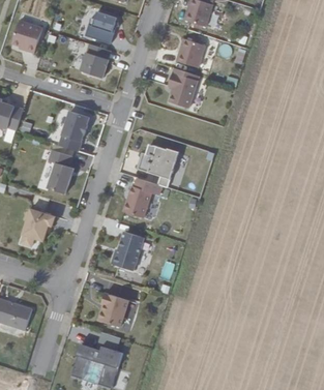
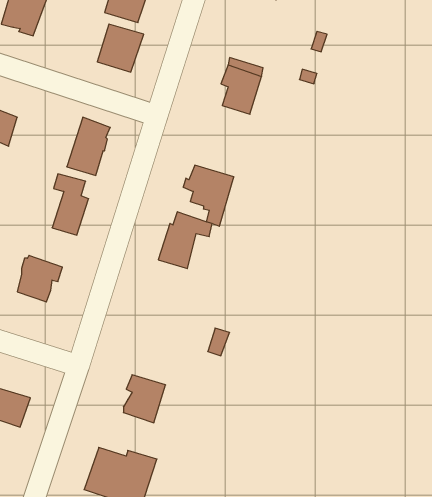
building: [176,39,205,67] -> none
building: [112,231,144,271] -> none

